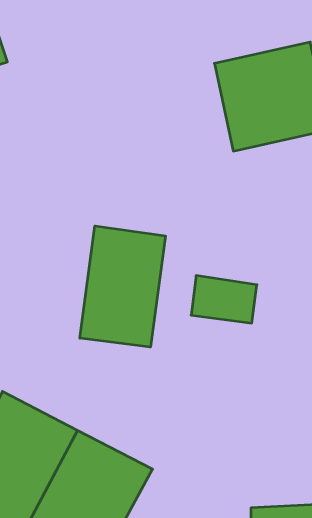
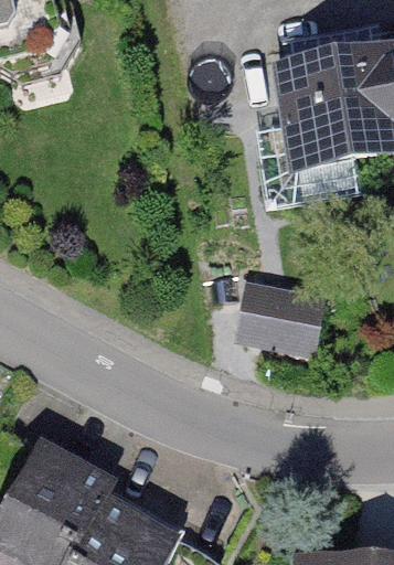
building: [80,226,165,347] -> none

